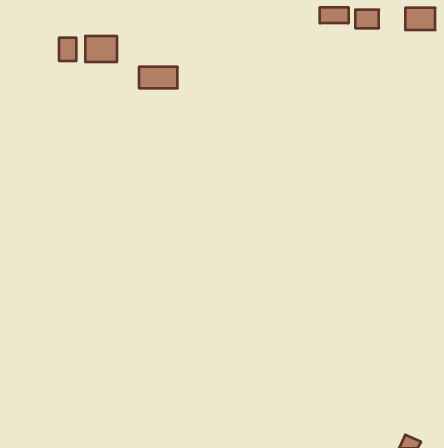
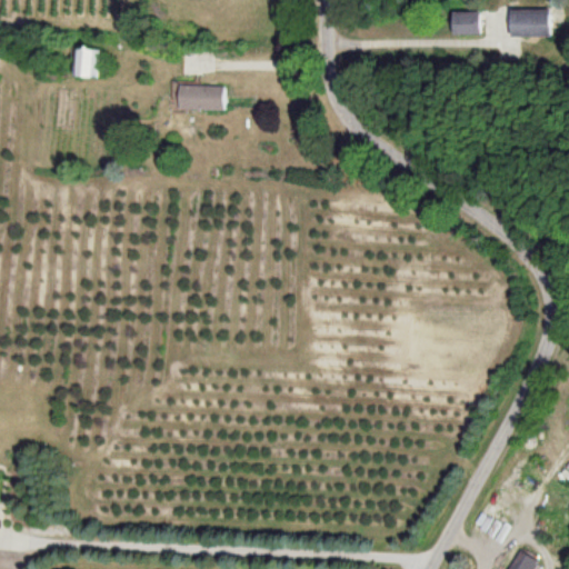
building: [320,7,348,23] -> none
building: [85,36,117,62] -> none

